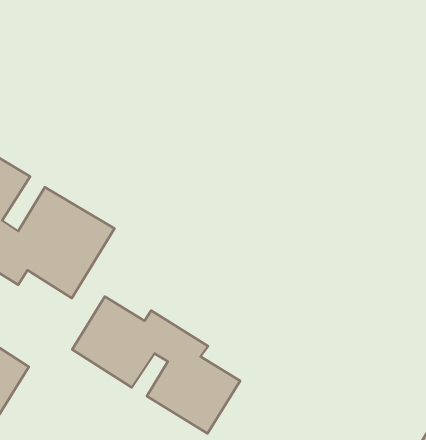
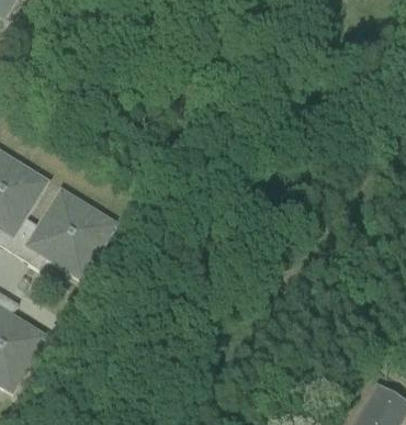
building: [72,297,240,434] -> none

